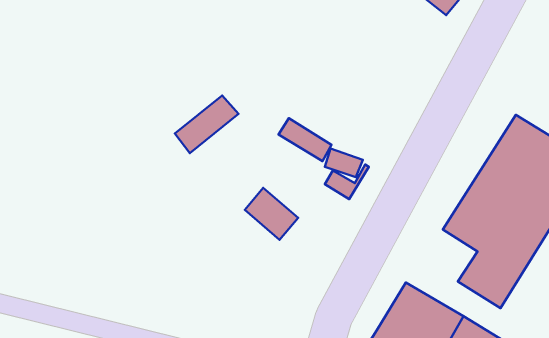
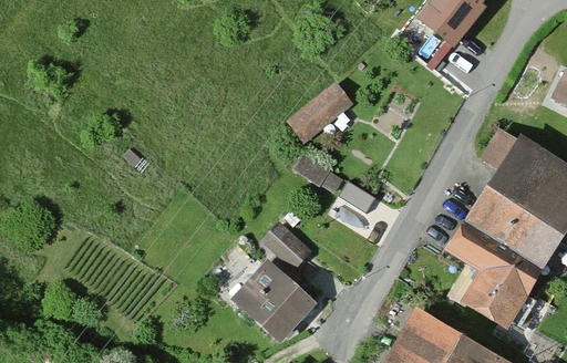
building: [175,95,238,153] -> [289,85,350,141]
building: none -> [233,263,313,342]

